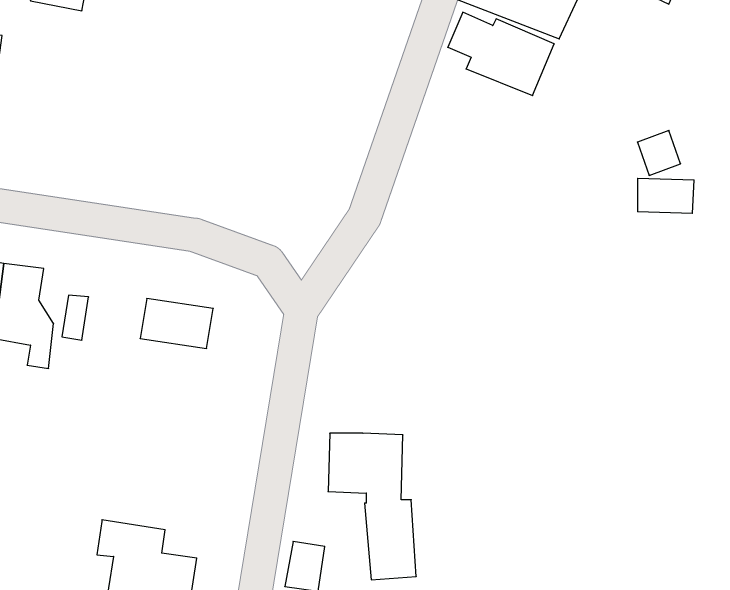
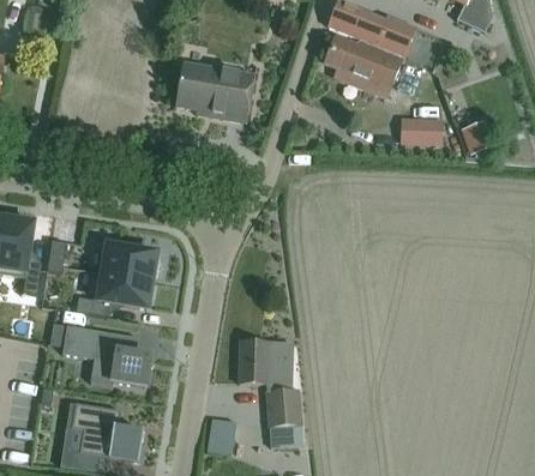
building: none -> [174,64,253,122]
building: [638,178,694,213] -> [401,119,441,144]
building: none -> [74,272,150,315]
building: none -> [61,325,149,386]

